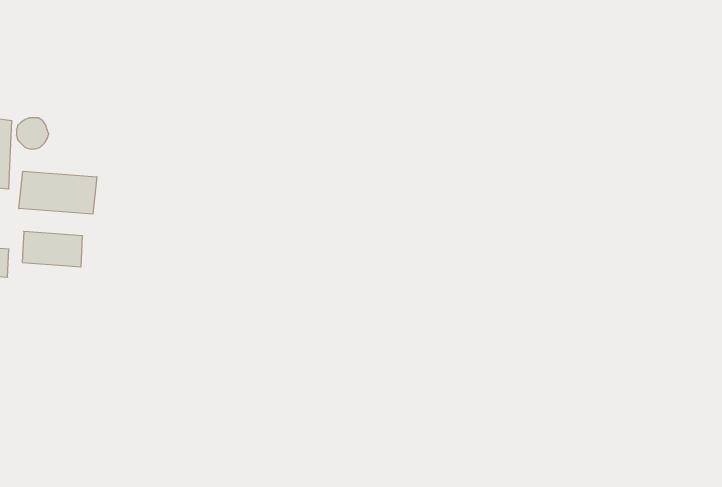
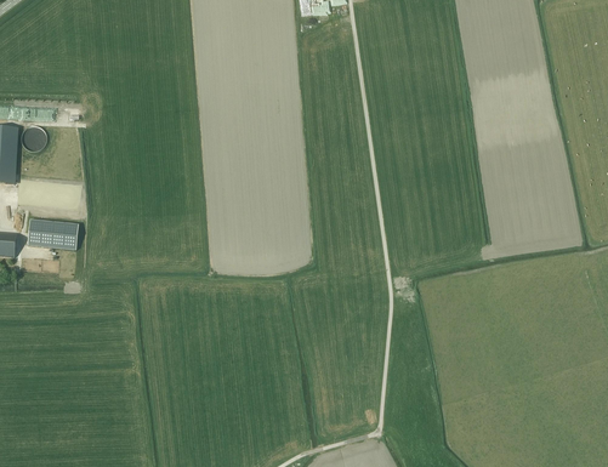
building: [19,171,97,214] -> none

